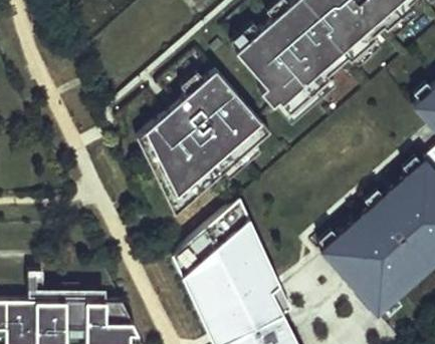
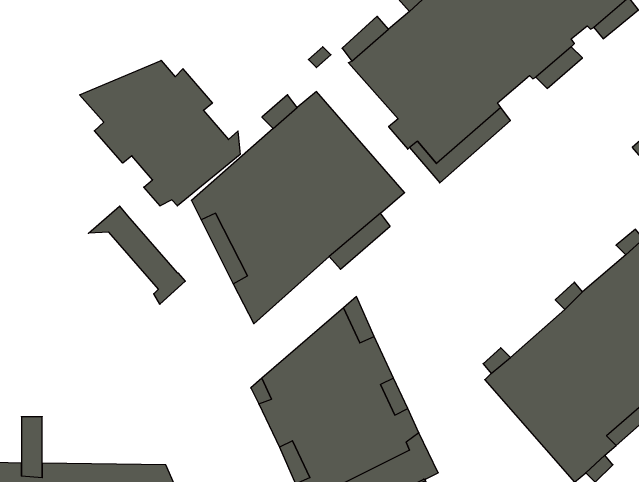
building: none -> [80,60,240,206]
building: none -> [88,206,185,304]

